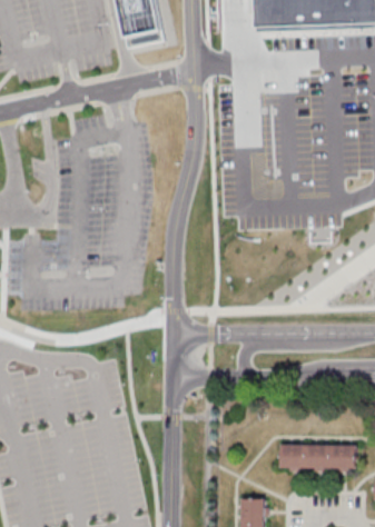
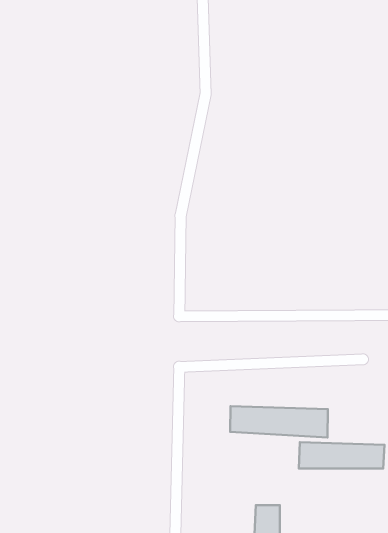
building: none -> [230,406,328,438]

